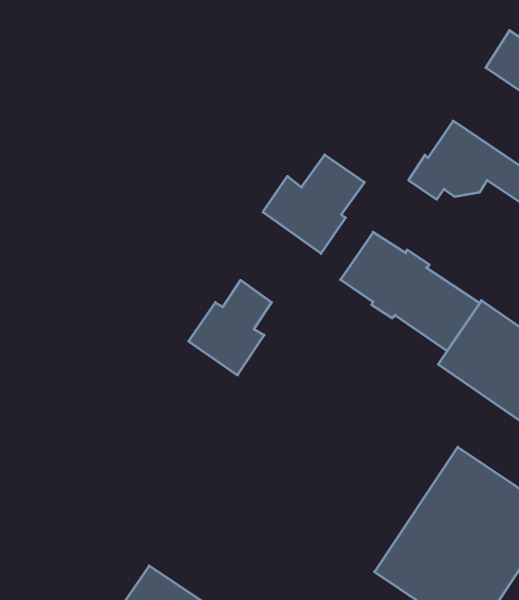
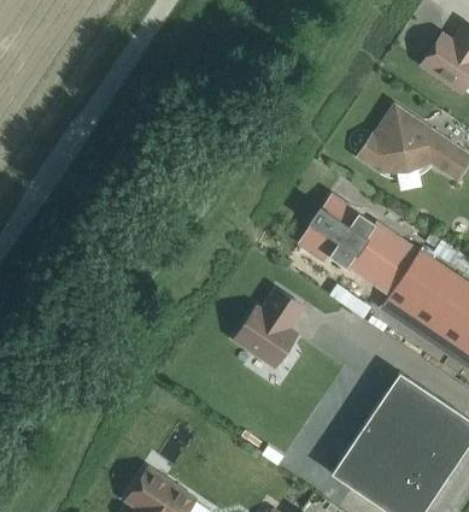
building: [263,155,364,254] -> none
building: [189,280,272,375] -> [236,289,304,366]

